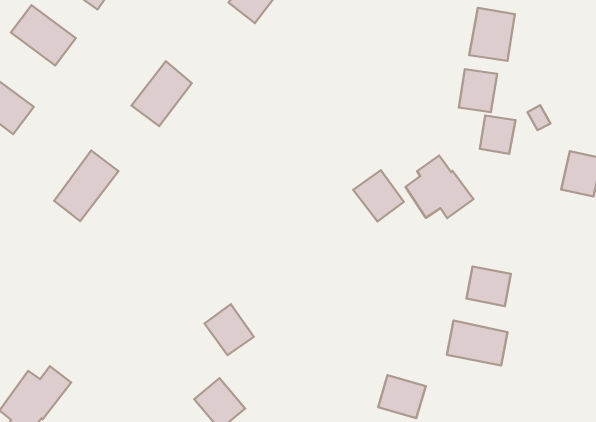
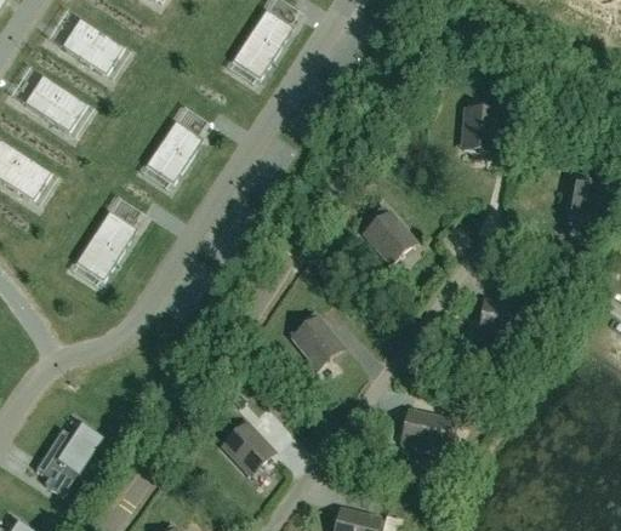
building: [469,8,515,61] -> none
building: [480,116,515,154] -> none
building: [406,155,474,218] -> none
building: [204,304,254,355] -> [292,316,341,366]
building: [447,321,507,365] -> none

